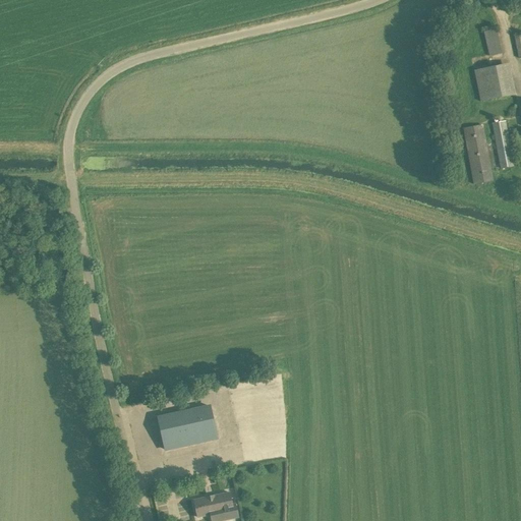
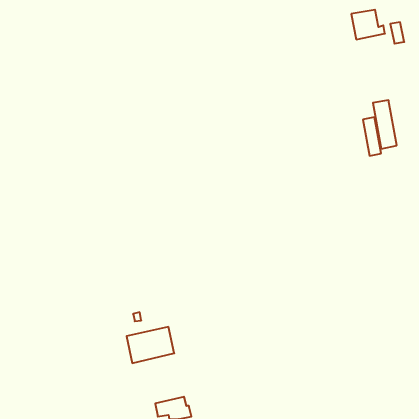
building: [473,64,515,101] -> [351,10,385,39]
building: [490,120,513,168] -> [363,117,381,156]

